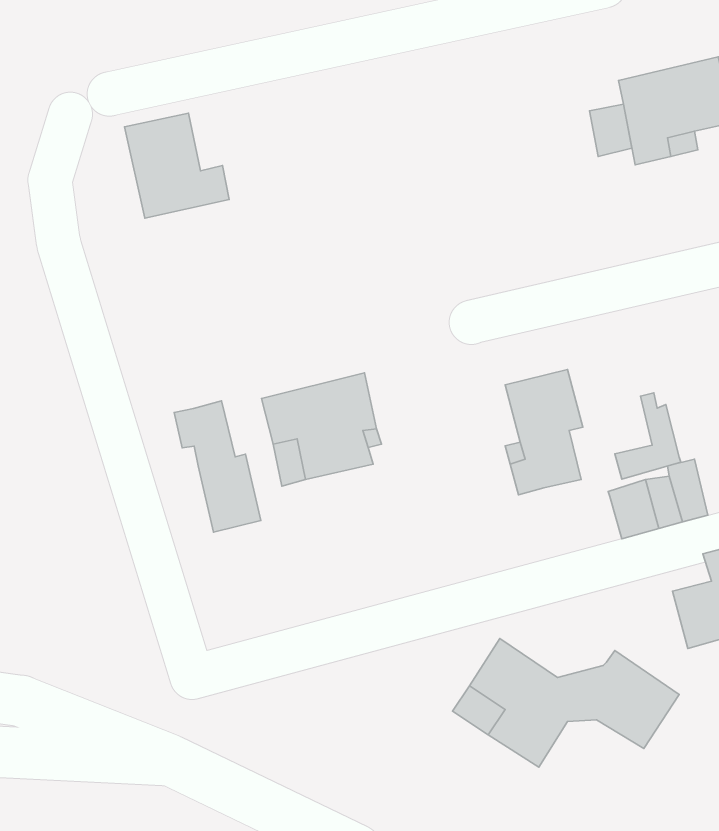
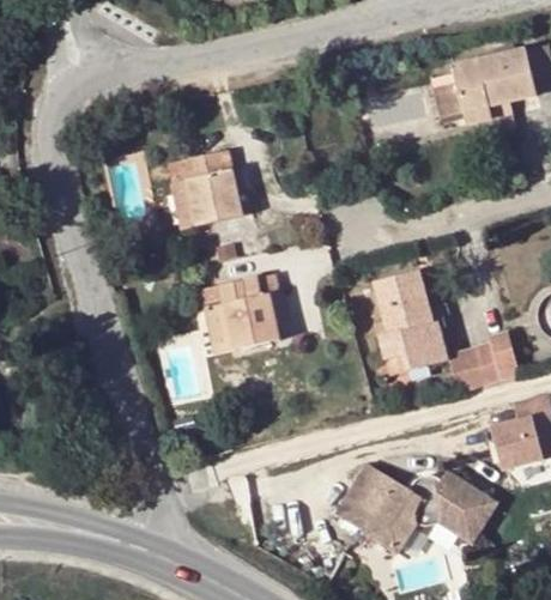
building: [124,113,229,218] -> [181,151,255,225]
building: [615,393,681,479] -> [400,311,447,372]
building: [174,401,261,532] -> none

